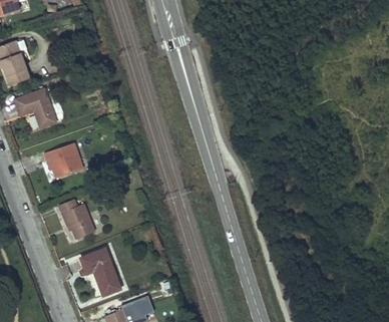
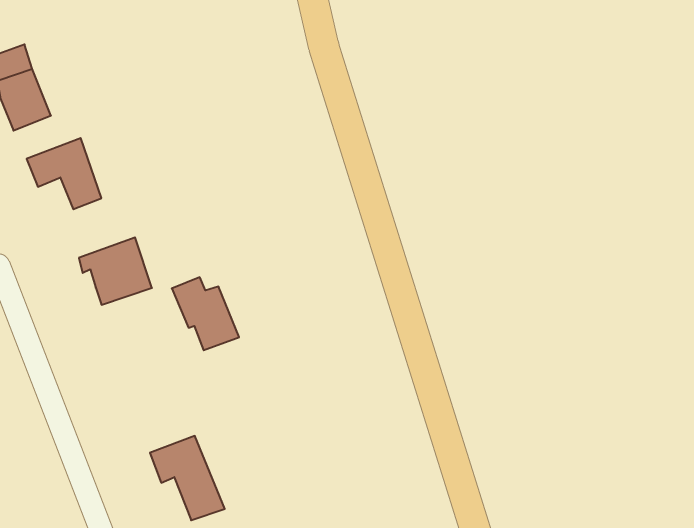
building: [59,201,95,240] -> [172,277,239,350]

